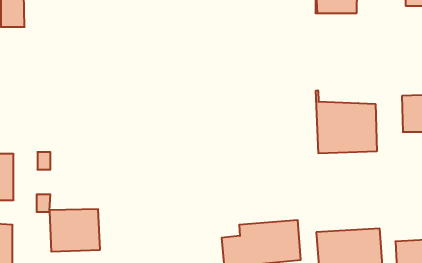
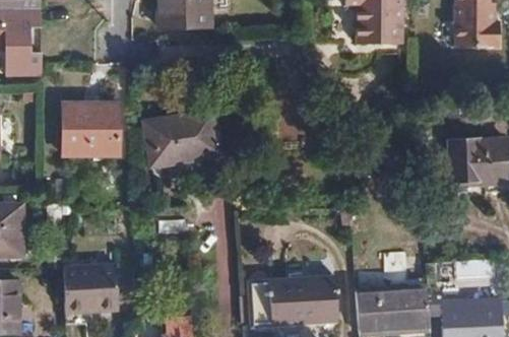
building: none -> [61,105,115,150]
building: none -> [142,113,215,164]
building: [316,90,377,153] -> none

